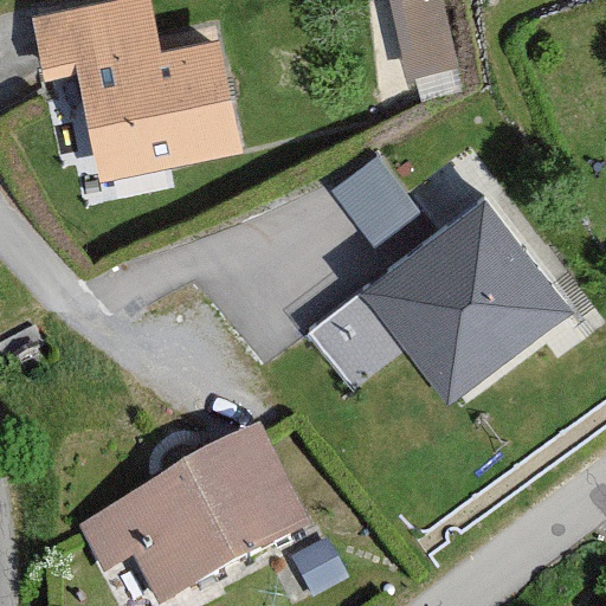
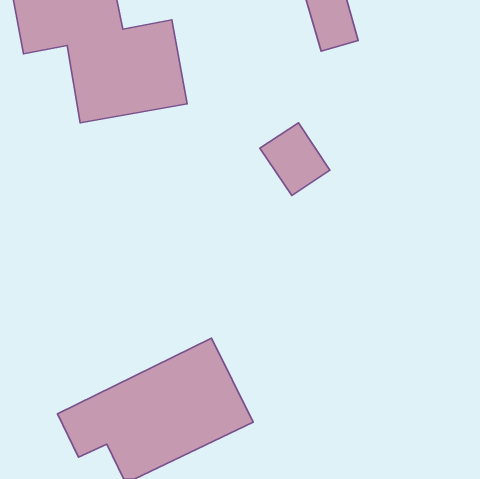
building: [309,198,576,413] -> none

